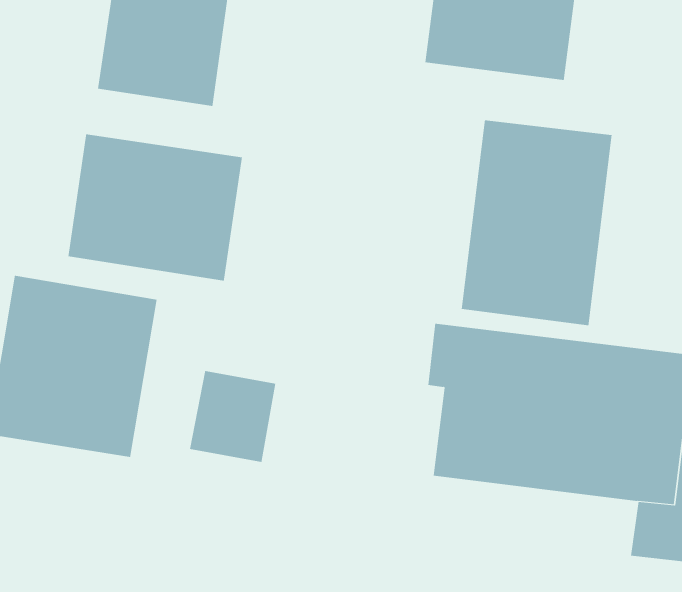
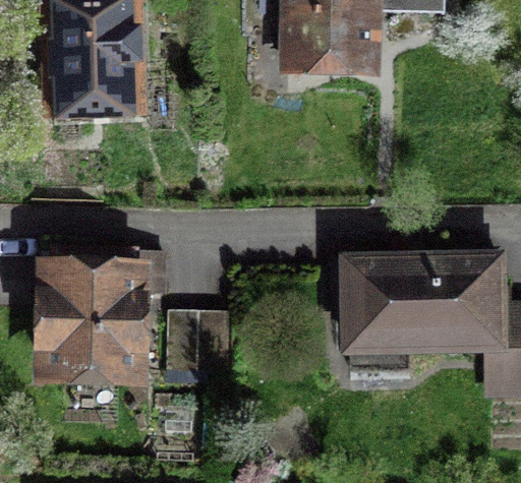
building: [461,119,612,326] -> none
building: [68,133,242,282] -> none

